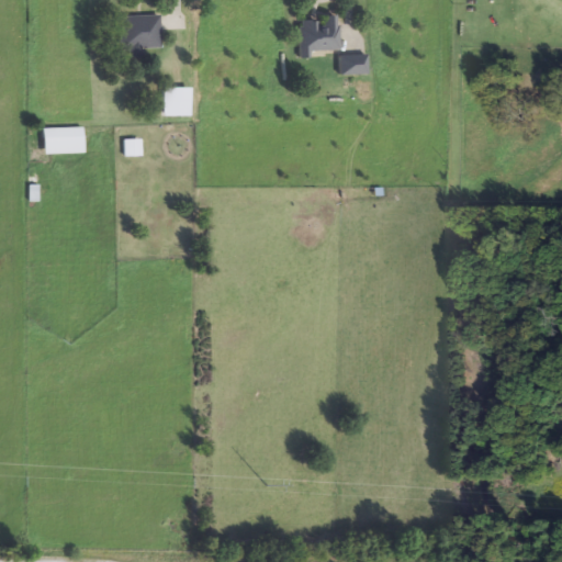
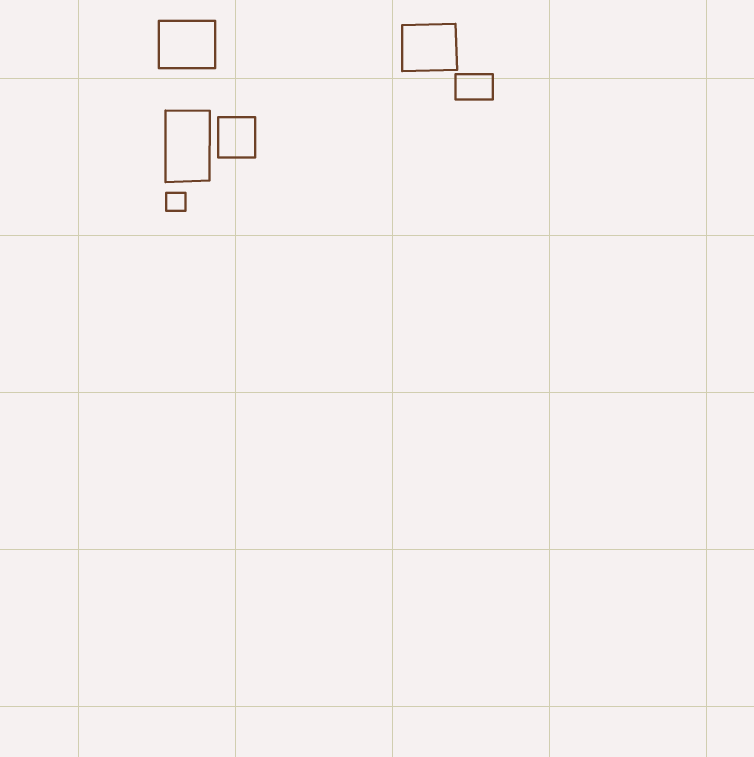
building: none -> [165,111,210,182]
building: [45,127,85,154] -> none

